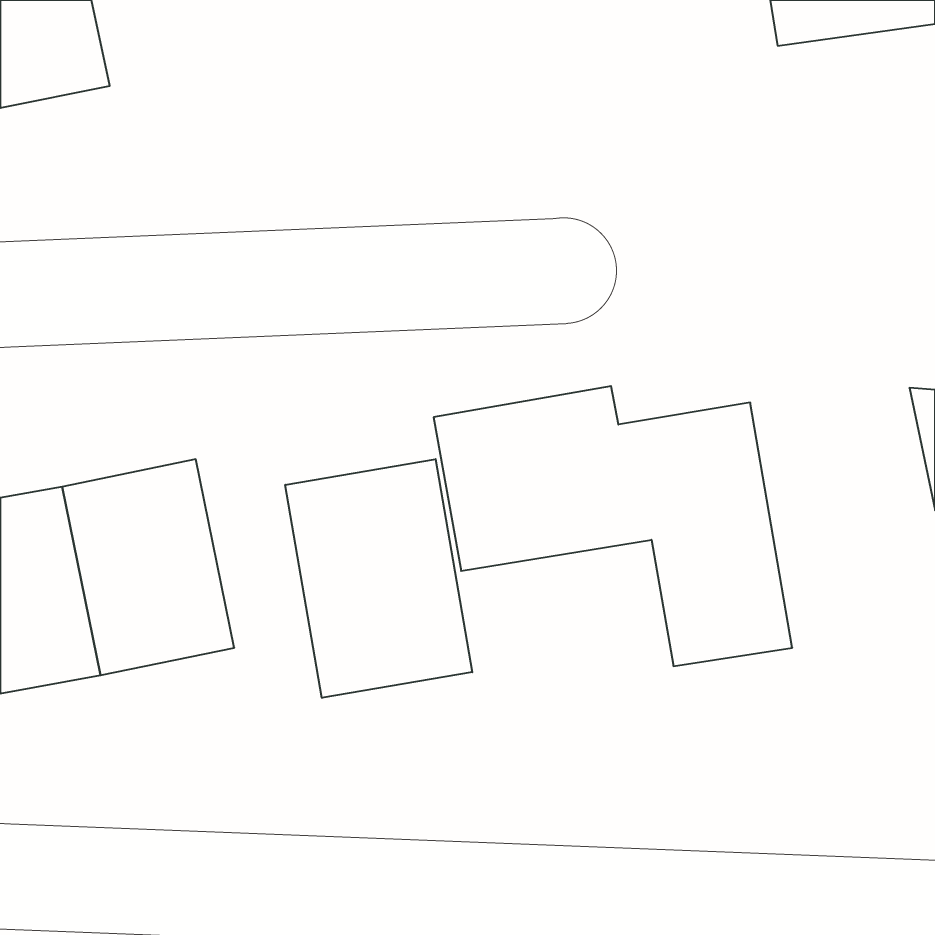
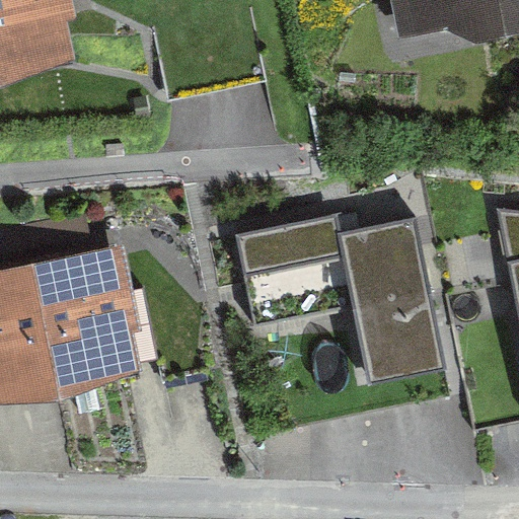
building: [285,459,472,698] -> none

